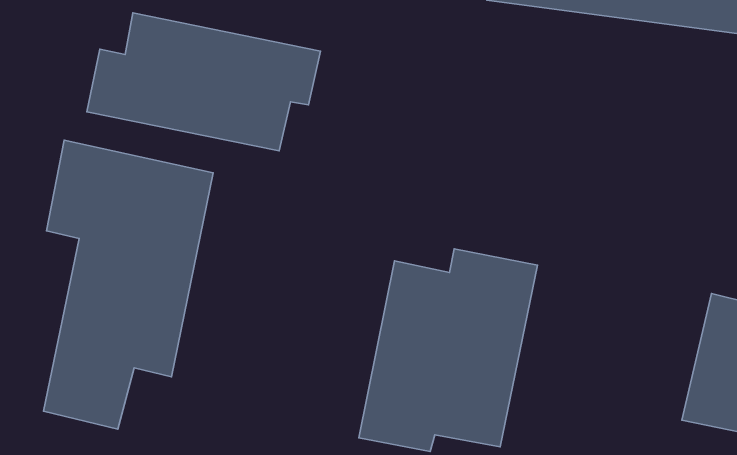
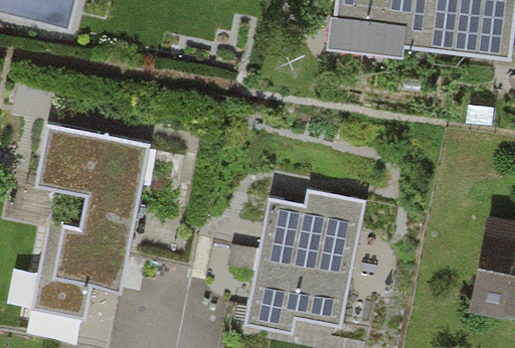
building: [87,13,320,151] -> none

